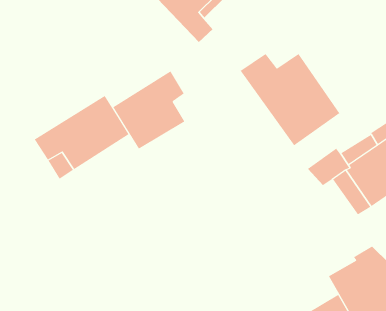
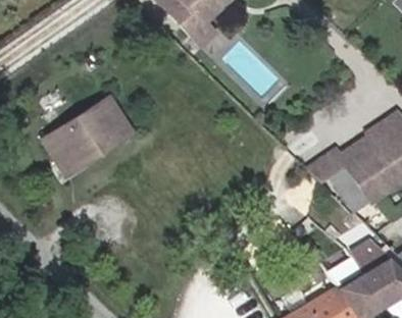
building: [240,53,340,146] -> none
building: [112,70,185,149] -> none

